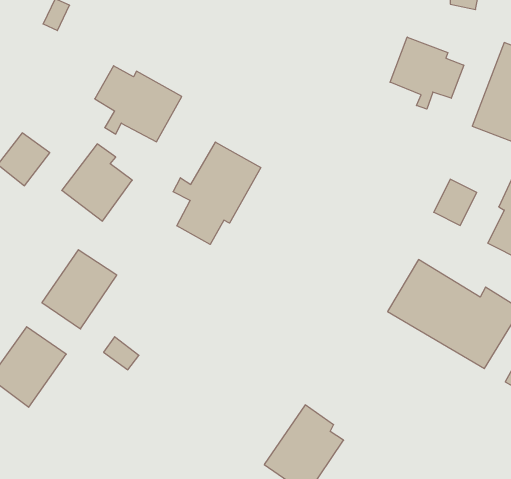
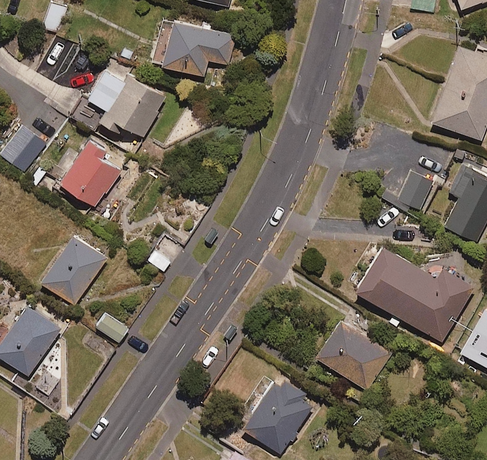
building: none -> [155,17,236,77]
building: [390,37,464,109] -> none
building: [173,142,261,244] -> none
building: none -> [314,319,391,391]

